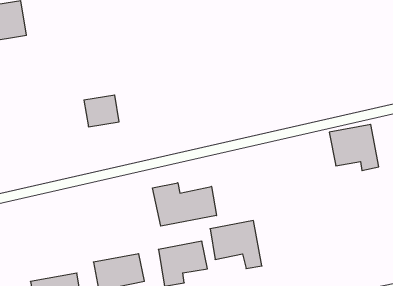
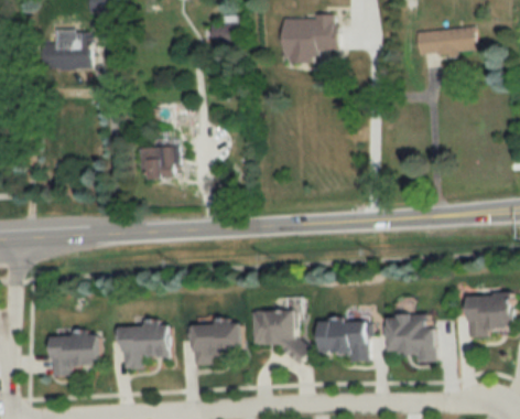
building: [329,124,379,171] -> [388,314,435,363]
building: [153,183,216,226] -> none
building: none -> [321,322,370,361]

